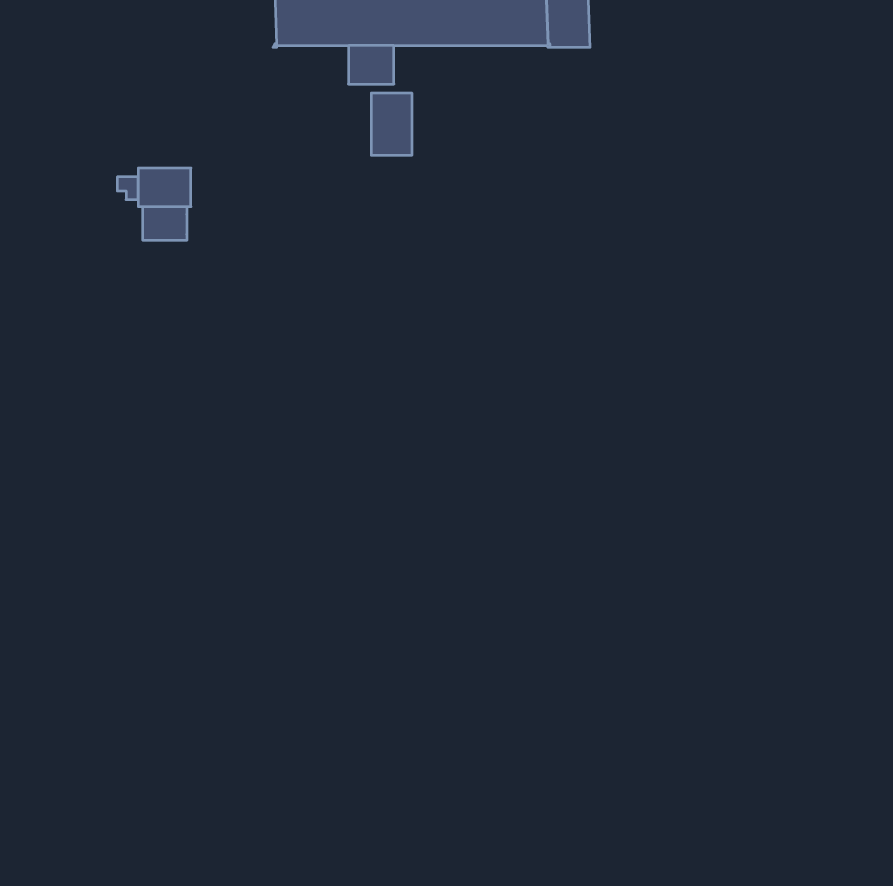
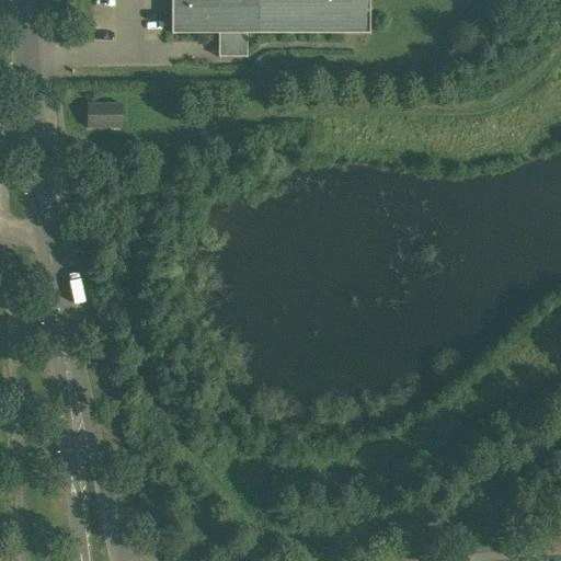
building: [371,93,412,155] -> none
building: [143,207,187,240] -> none

